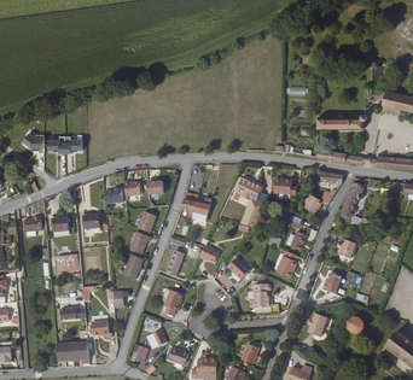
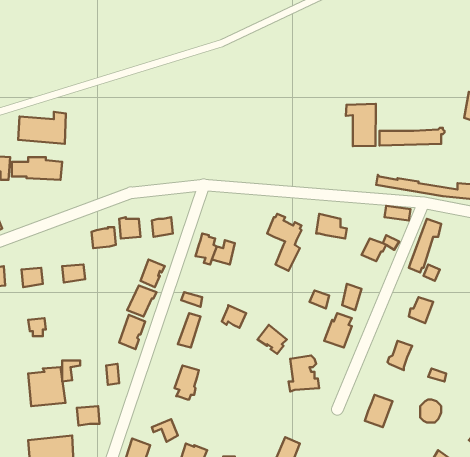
building: none -> [346,104,376,146]
building: none -> [18,112,66,144]

